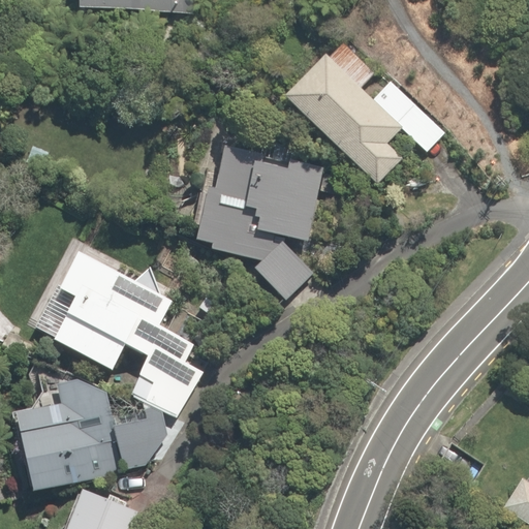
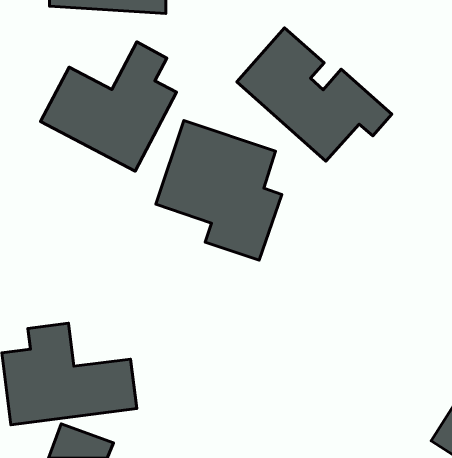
building: none -> [41,42,177,171]
building: [52,249,206,416] -> none

